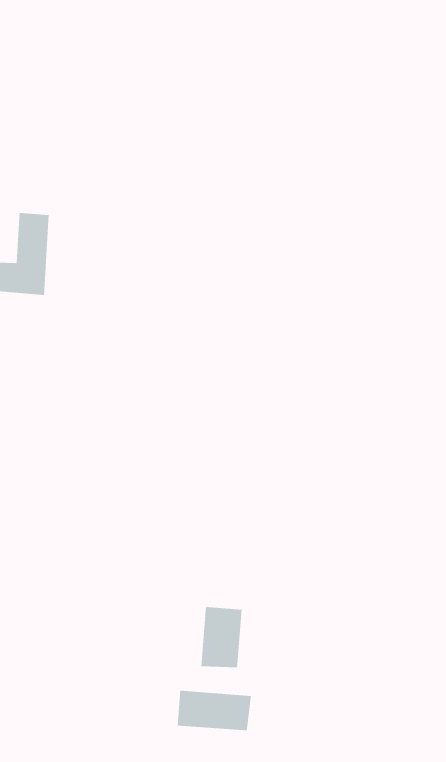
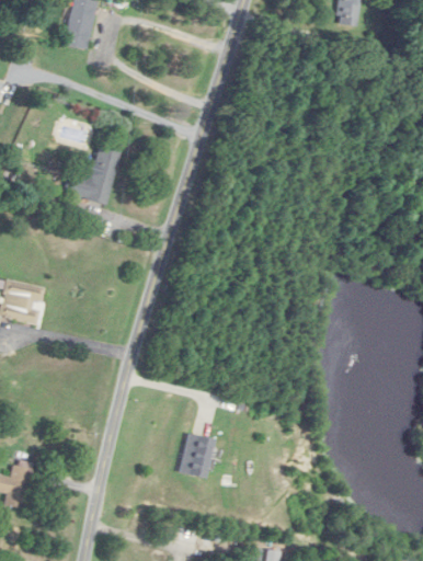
building: [177,690,252,731] -> none

